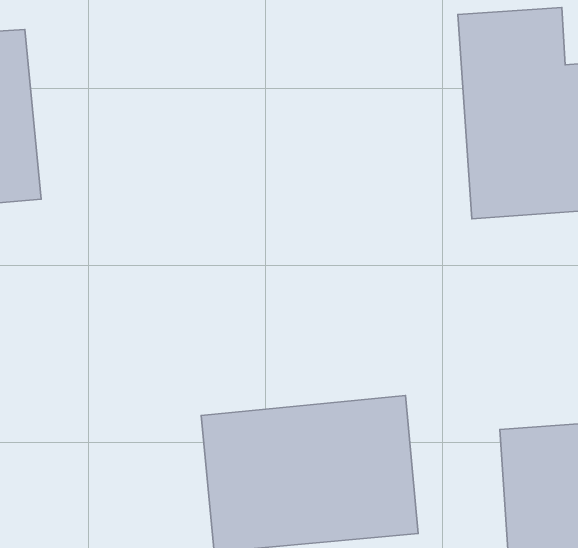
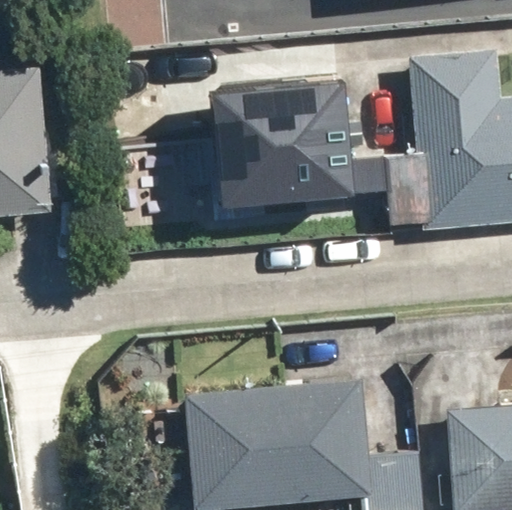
building: none -> [212,69,358,213]

